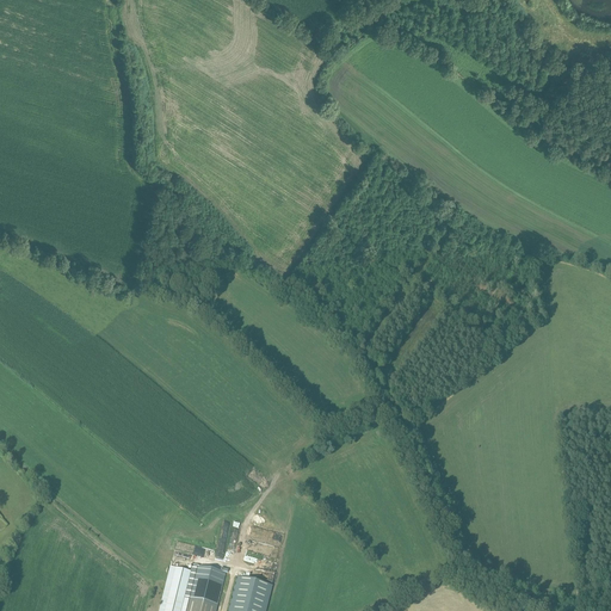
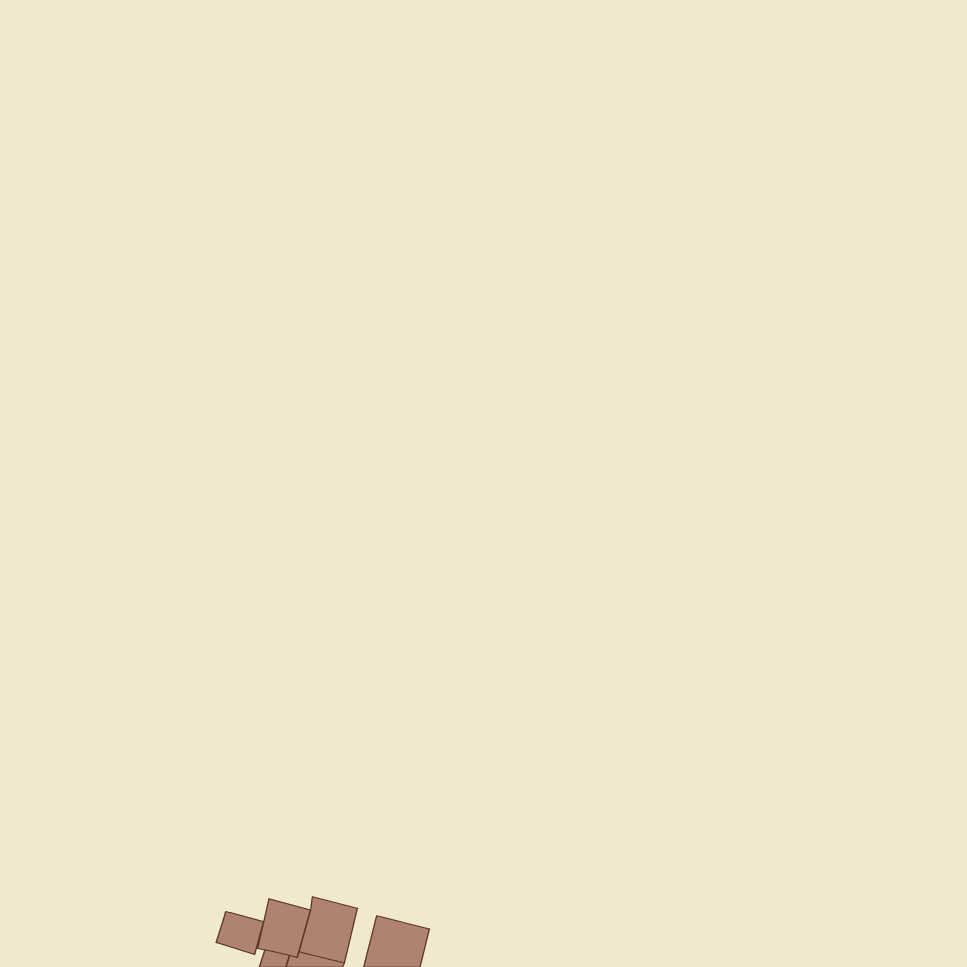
building: none -> [216,912,263,955]

